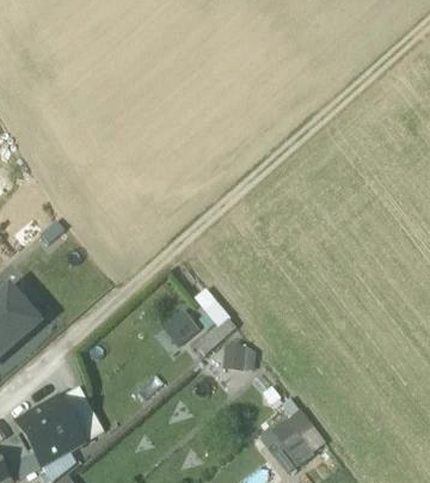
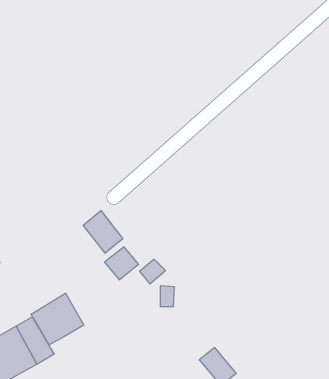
building: none -> [83,211,123,253]
building: none -> [31,293,84,345]

